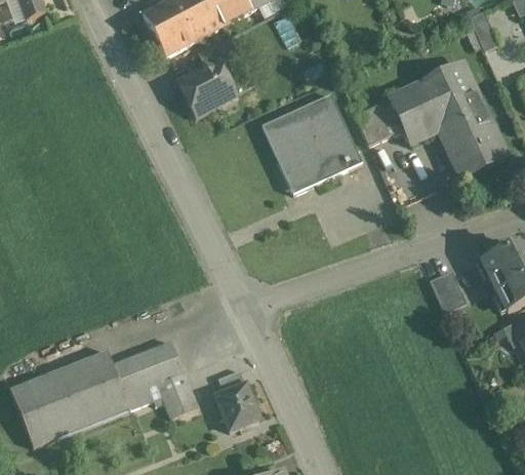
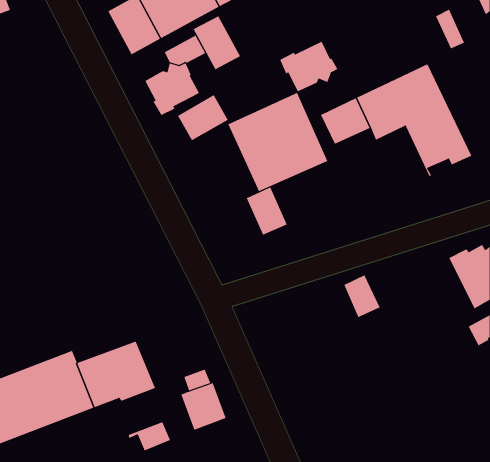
building: none -> [193,15,241,70]
building: none -> [279,41,338,92]
building: none -> [177,94,229,141]
building: none -> [246,187,287,236]
building: [430,270,467,313] -> [343,275,380,318]
building: [155,389,198,419] -> [128,422,171,451]

